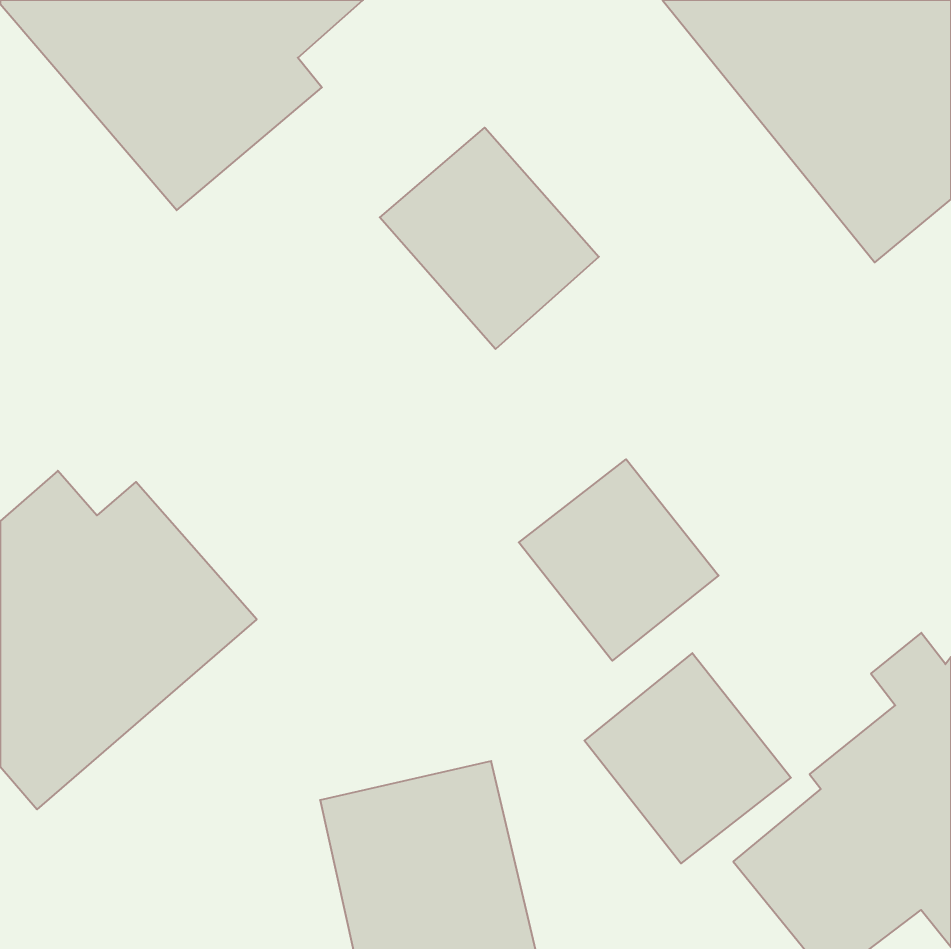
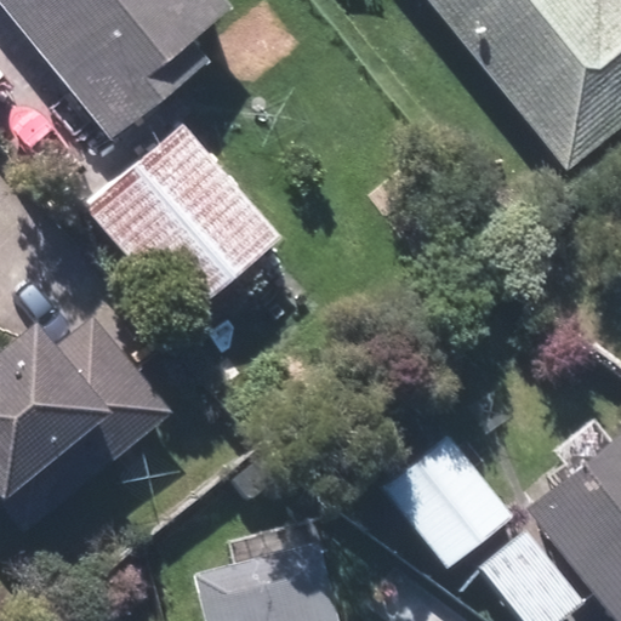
building: [380,128,599,349] -> none
building: none -> [84,118,286,321]
building: [519,459,719,661] -> none

